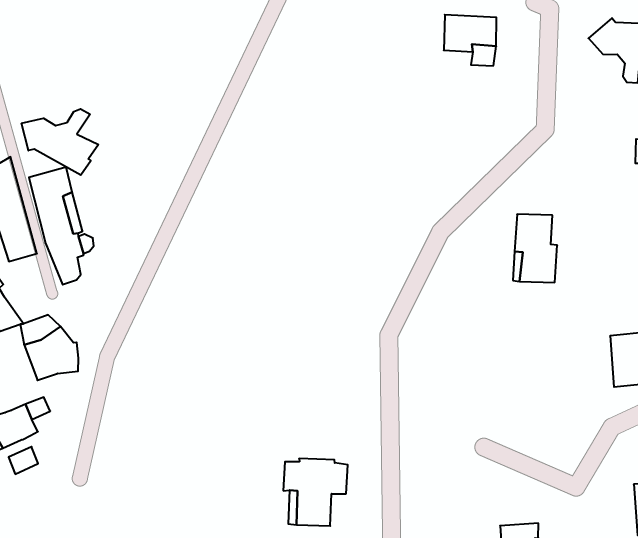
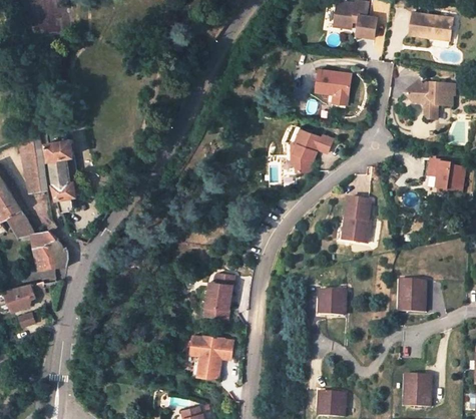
building: [22,109,98,175] -> none
building: none -> [290,127,333,169]
building: none -> [201,272,232,318]
building: none -> [320,291,345,316]

